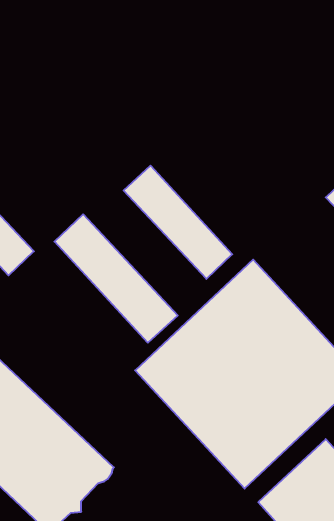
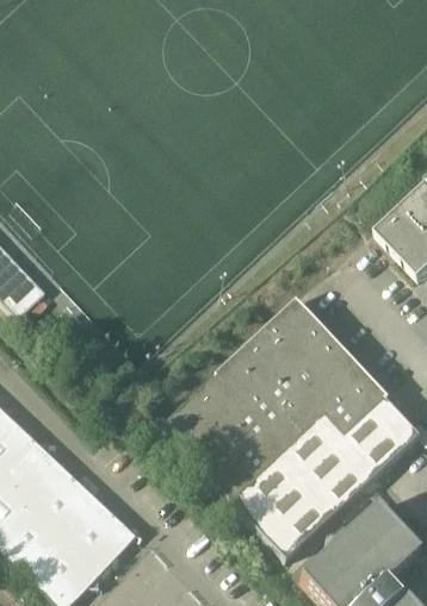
building: [124,166,232,279] -> none
building: [54,214,178,343] -> none

